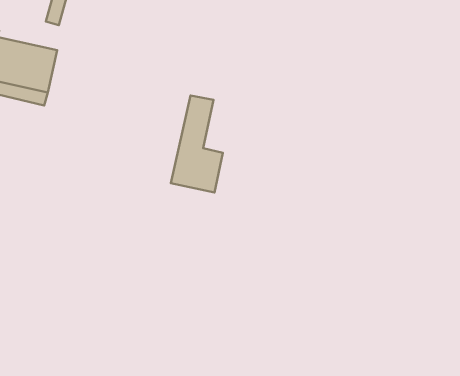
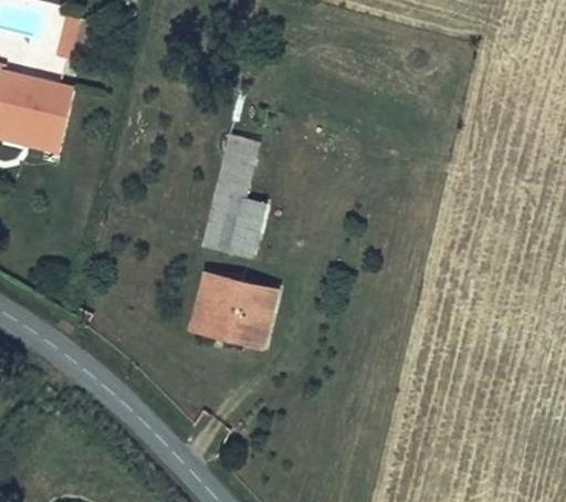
building: none -> [196,274,276,342]

